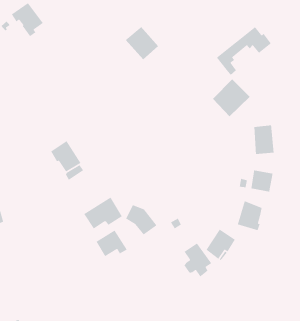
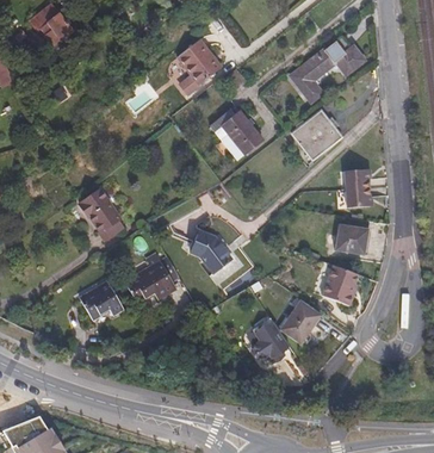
building: none -> [221,112,260,155]
building: [125,204,157,235] -> [188,230,230,271]
building: [96,230,128,257] -> [79,283,120,318]

